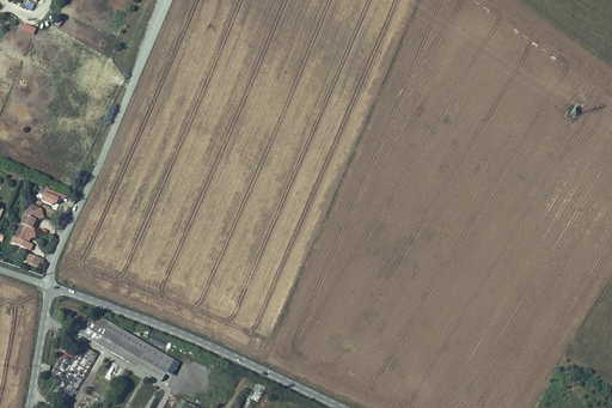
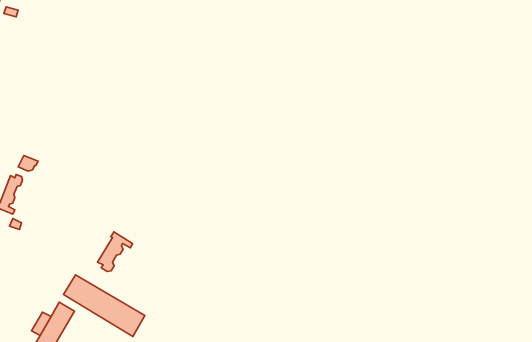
building: none -> [98,232,133,272]

